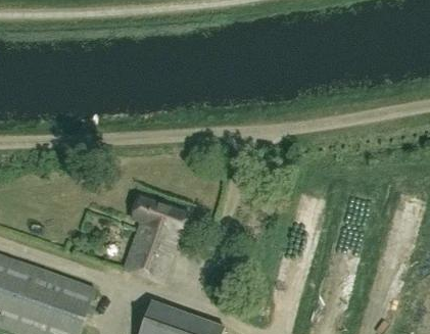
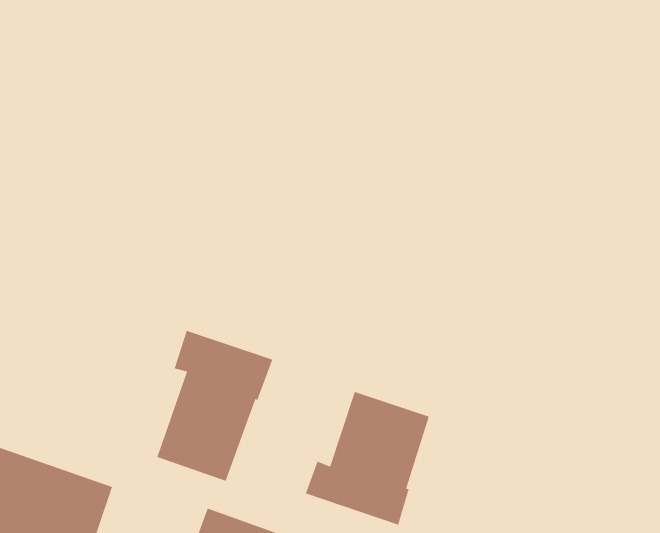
building: none -> [305,391,430,525]

